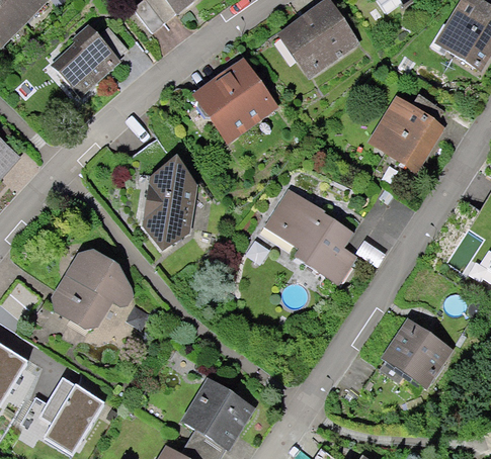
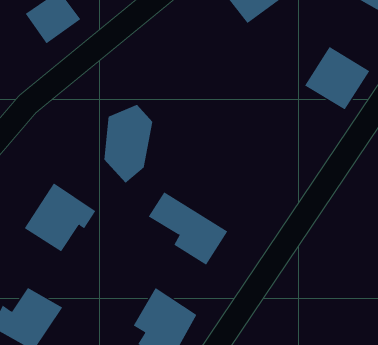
building: [198,68,276,144] -> none
building: [269,197,360,281] -> [148,191,228,265]
building: [381,322,444,385] -> none

